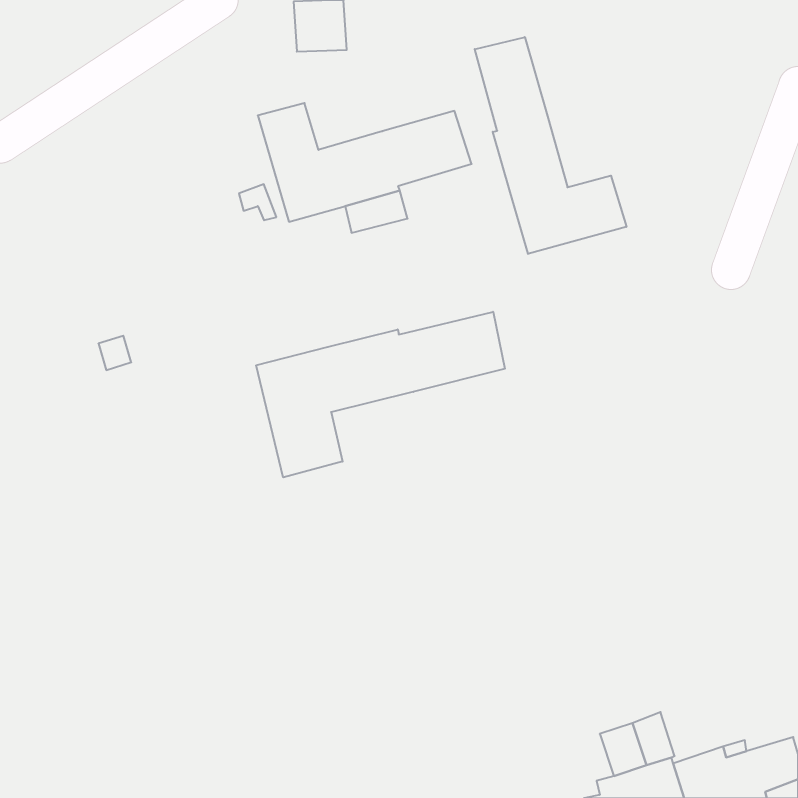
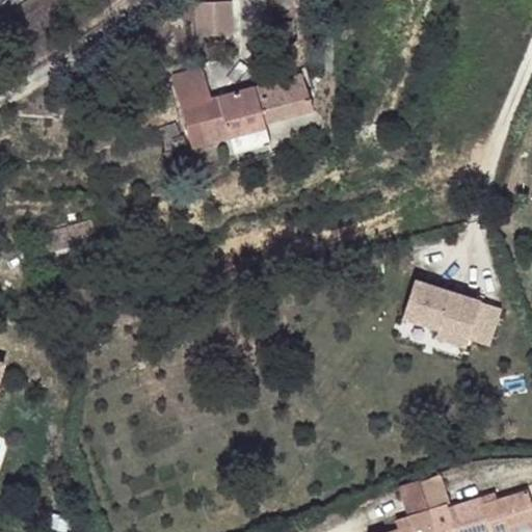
building: [475,37,626,254] -> none
building: [256,312,505,477] -> none
building: none -> [402,282,499,347]

